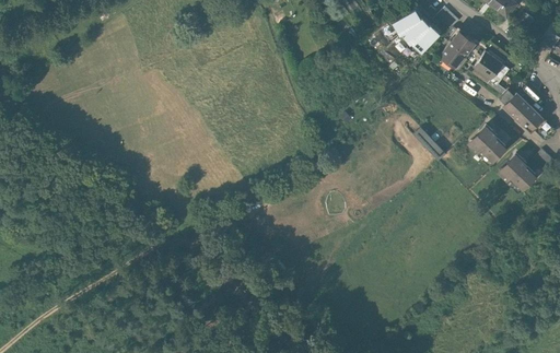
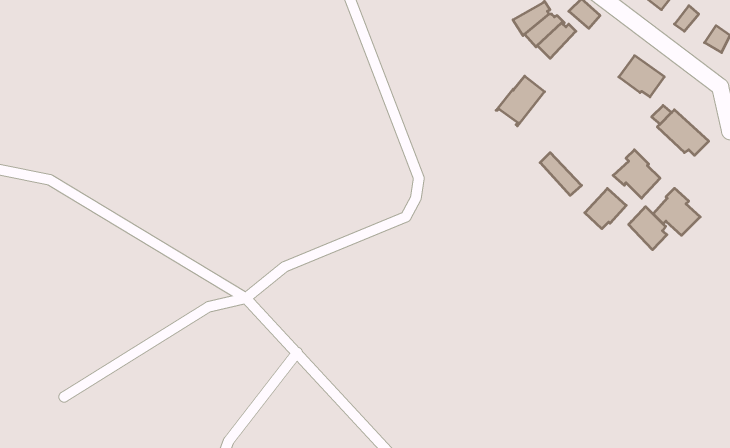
building: [439,33,476,71] -> [496,76,545,126]
building: none -> [585,188,626,229]
building: none -> [629,207,667,250]

